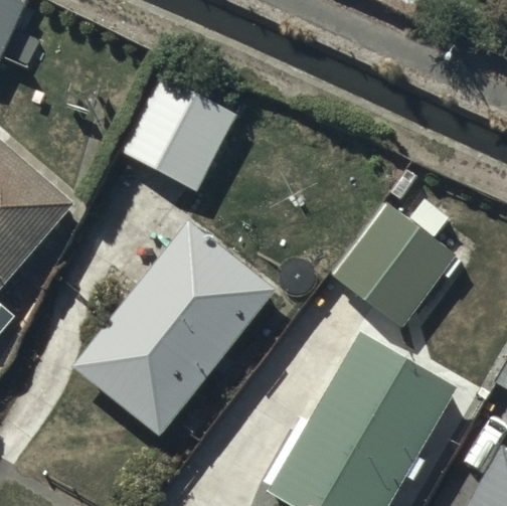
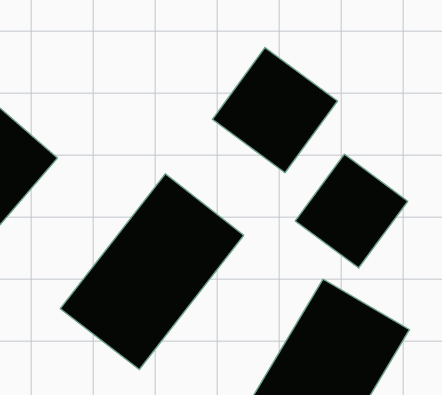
building: [119,72,234,189] -> none
building: none -> [212,47,337,173]

